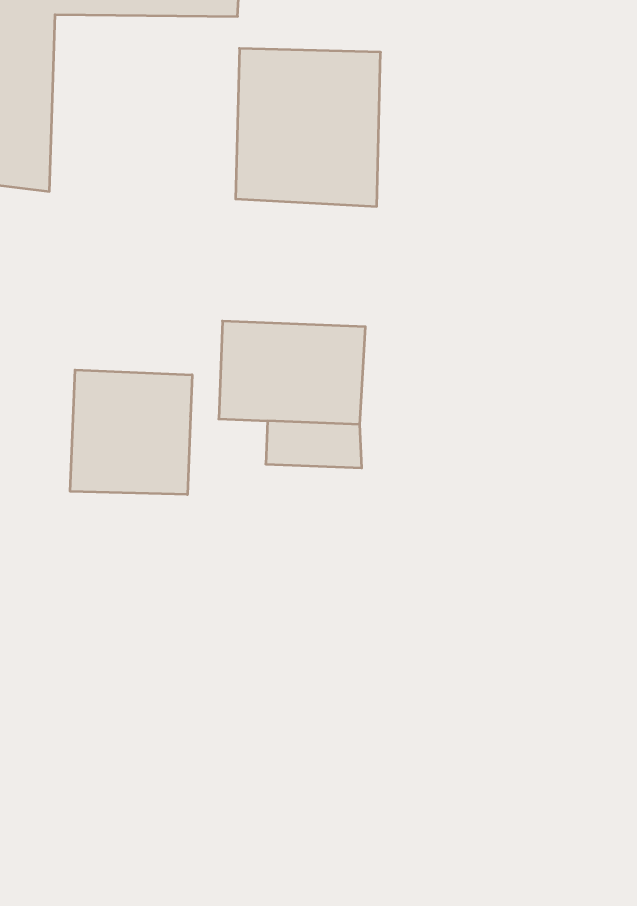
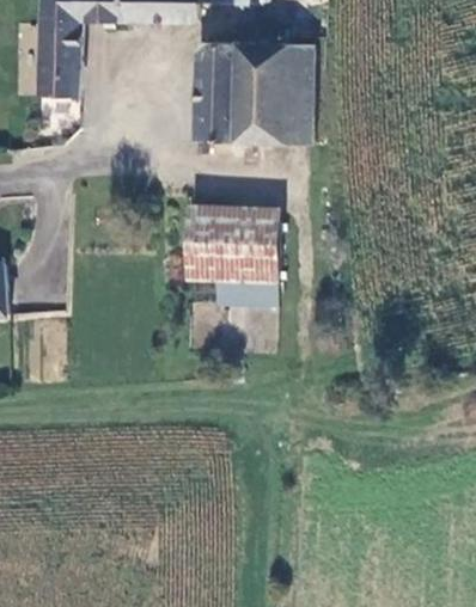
building: none -> [286,42,315,140]
building: [70,370,192,495] -> none

